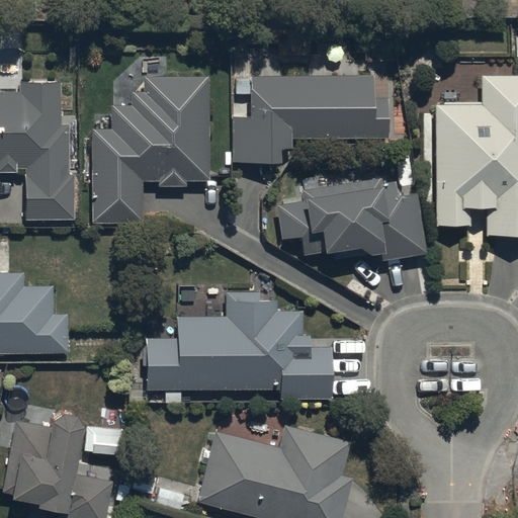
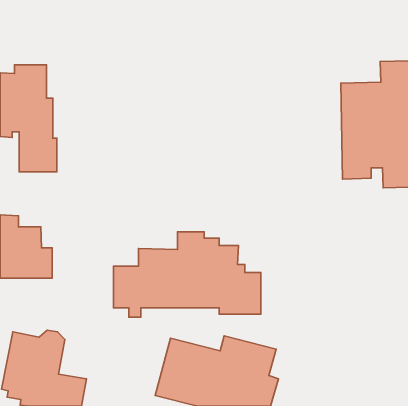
building: [233,76,387,165] -> none
building: [93,79,209,223] -> none
building: [276,178,425,262] -> none

